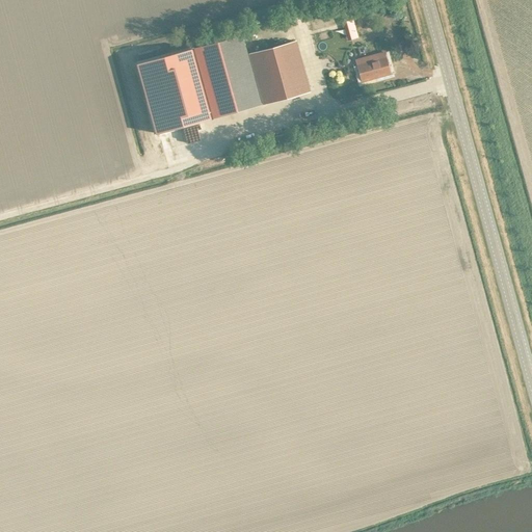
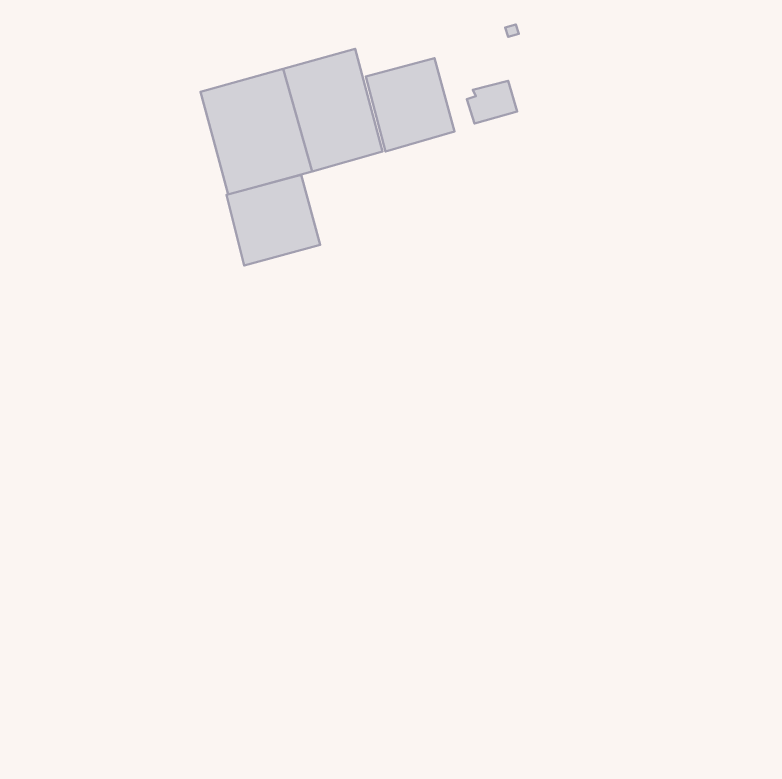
building: [355,53,390,82] -> [467,81,517,124]
building: none -> [226,175,320,266]

